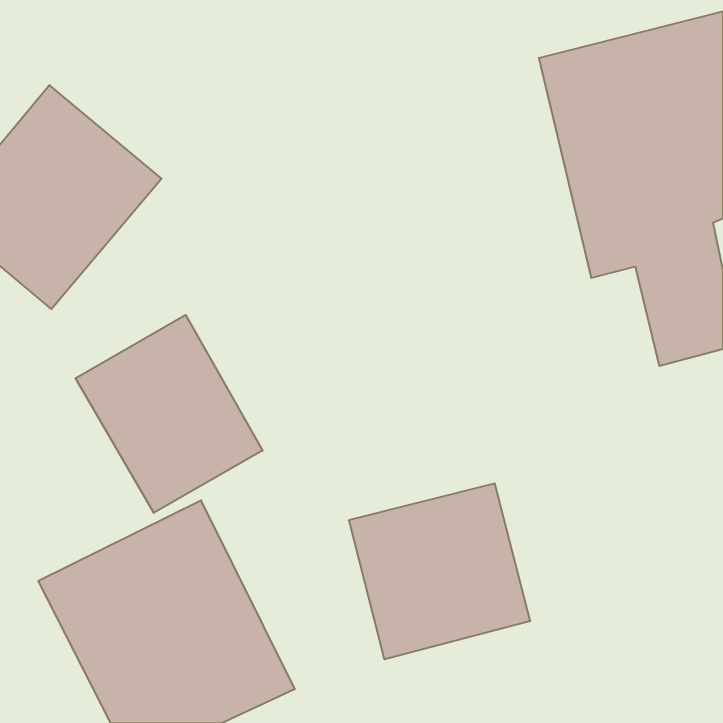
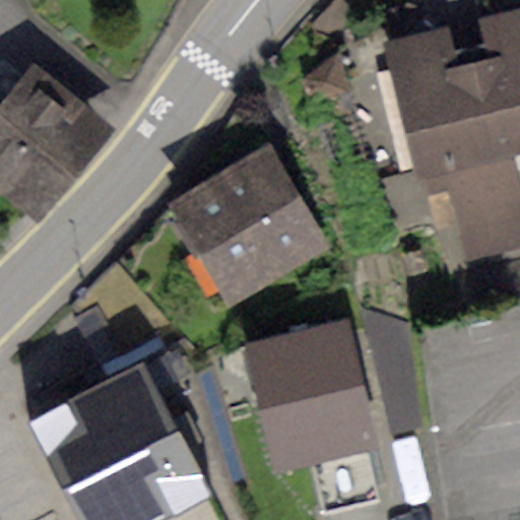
building: none -> [181,172,320,305]
building: [76,315,263,513] -> none

